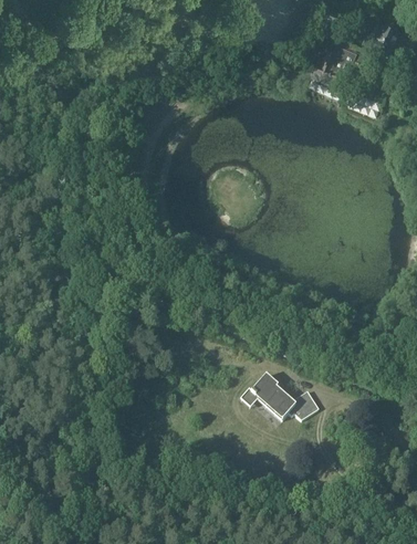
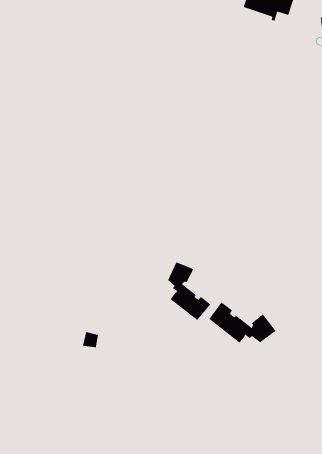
building: none -> [167,262,211,321]

